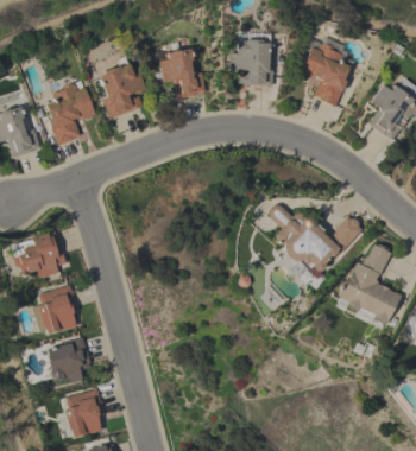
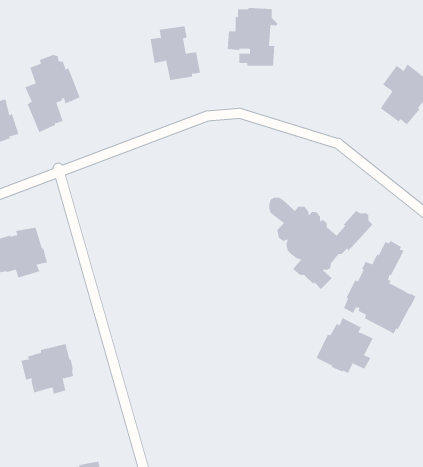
building: [302,38,353,107] -> none
building: [100,63,147,119] -> none
building: [32,285,78,335] -> none
building: none -> [316,317,374,374]
building: [58,389,105,437] -> none

